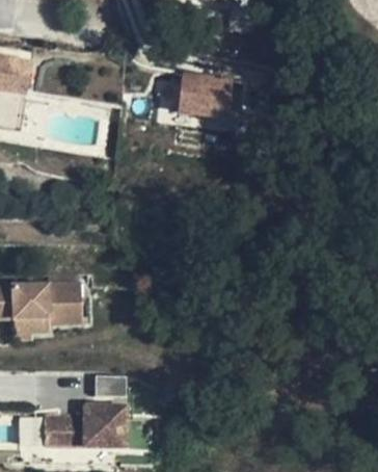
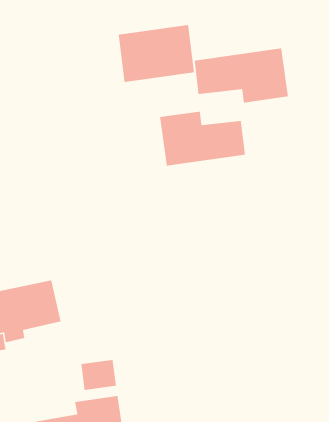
building: none -> [194,48,289,103]
building: none -> [159,111,246,167]

